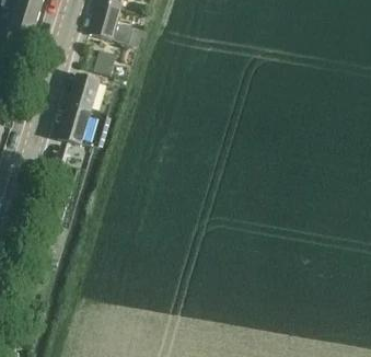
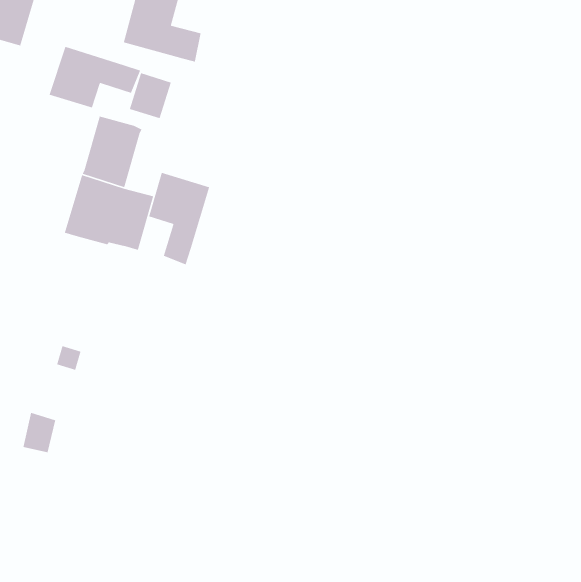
building: none -> [49,46,141,109]
building: none -> [148,172,210,266]

